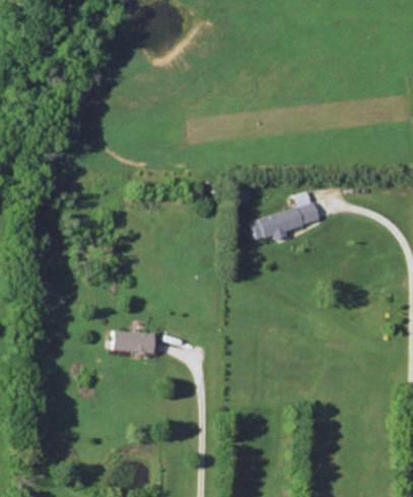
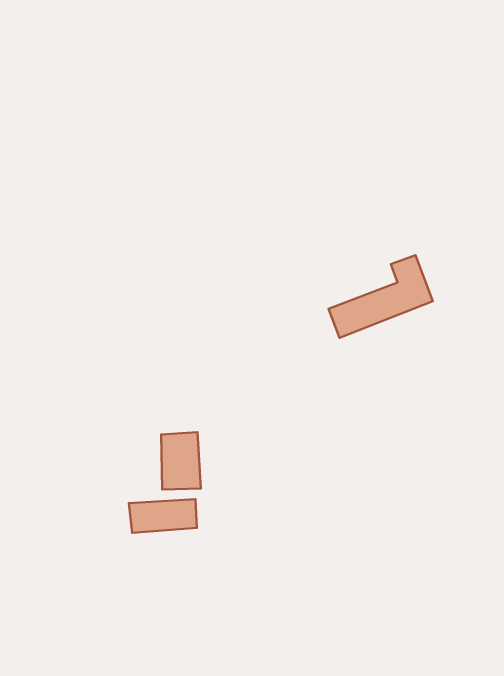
building: none -> [161,432,201,489]

